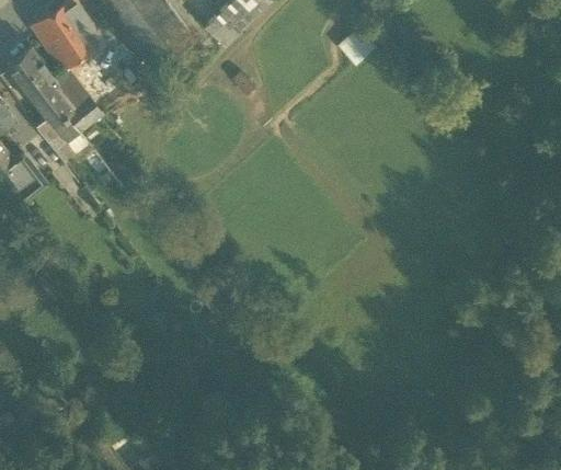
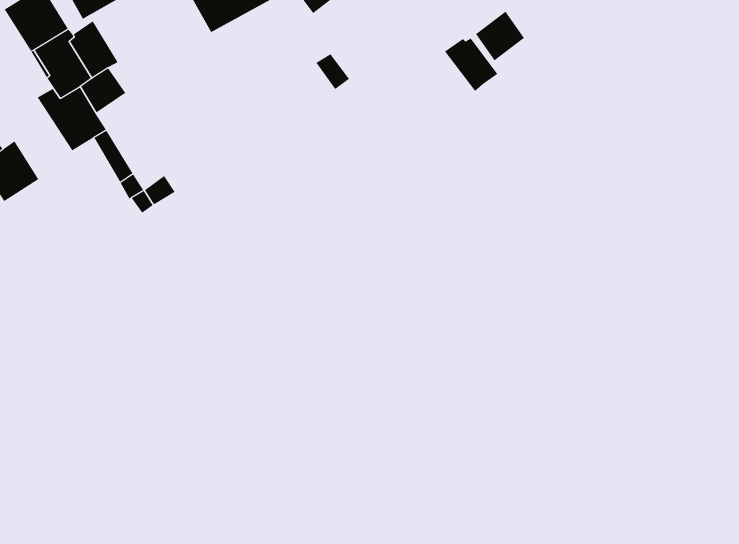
building: none -> [444,38,498,92]

